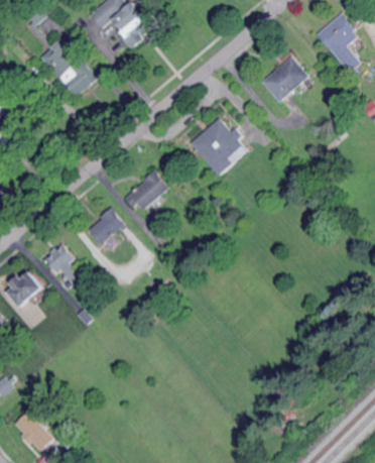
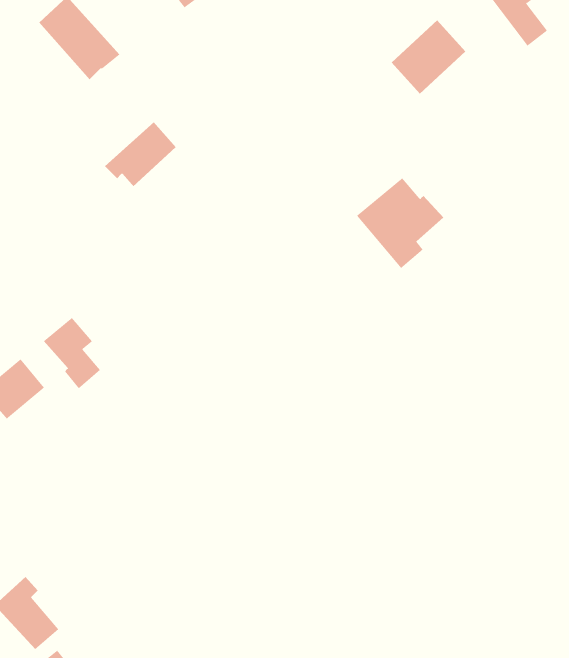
building: [190,118,245,176] -> [356,178,444,269]
building: [123,170,168,212] -> [104,121,176,187]
building: [88,209,124,244] -> none

